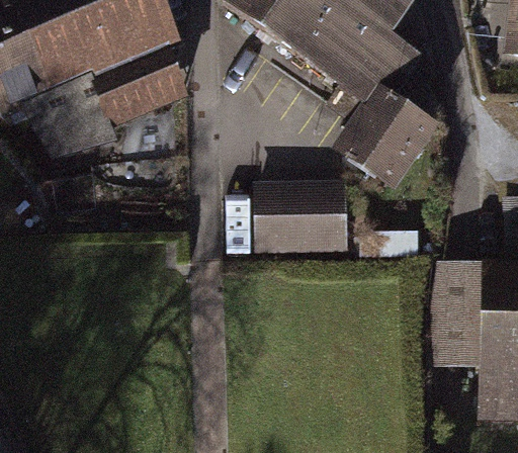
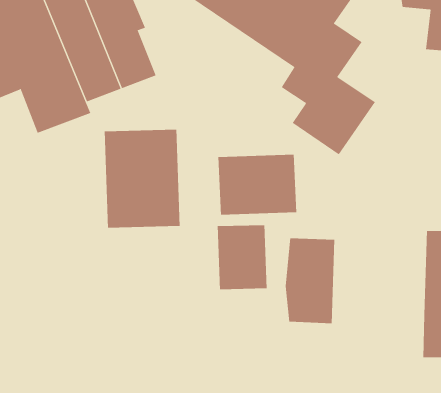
building: none -> [104,129,180,228]
building: none -> [217,225,267,290]
building: [435,264,492,361] -> [285,238,335,324]

